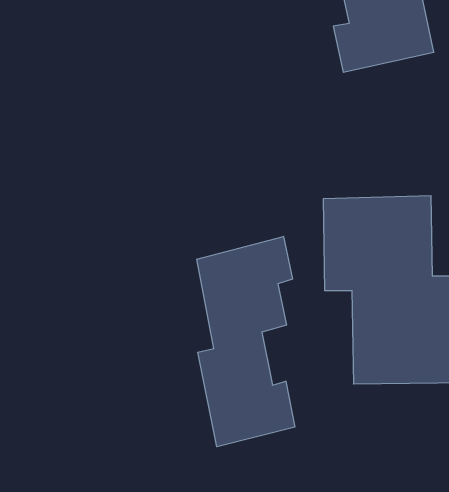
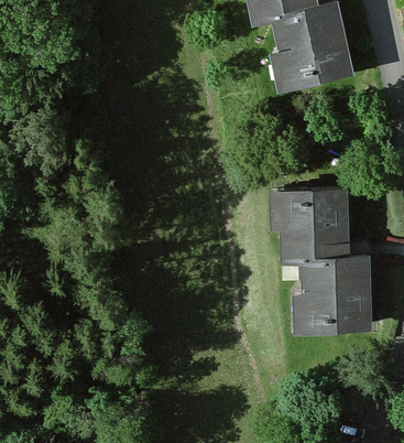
building: [197,236,295,447] -> none

